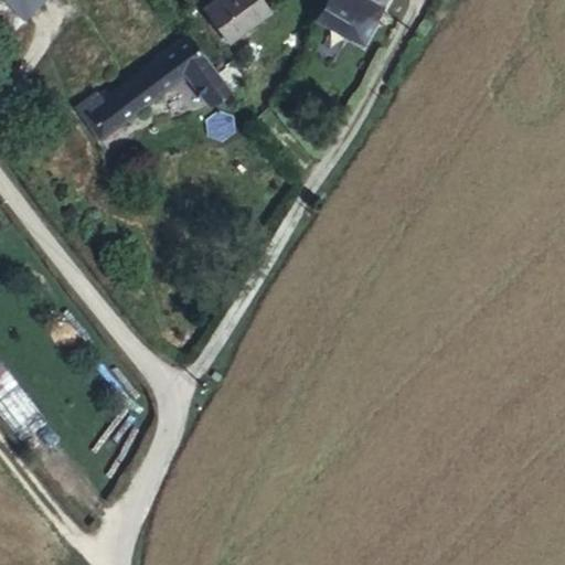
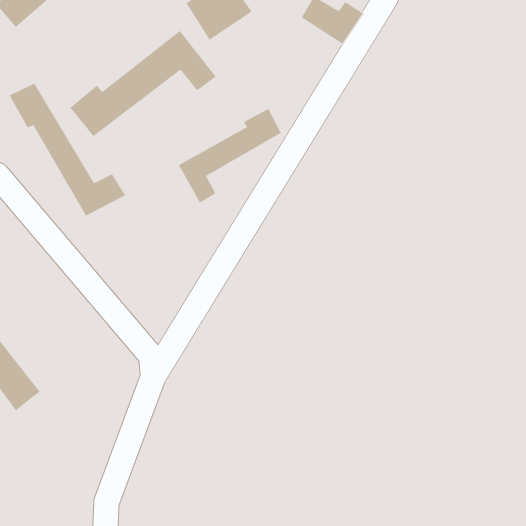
building: none -> [9,83,126,216]
building: none -> [178,108,281,204]

